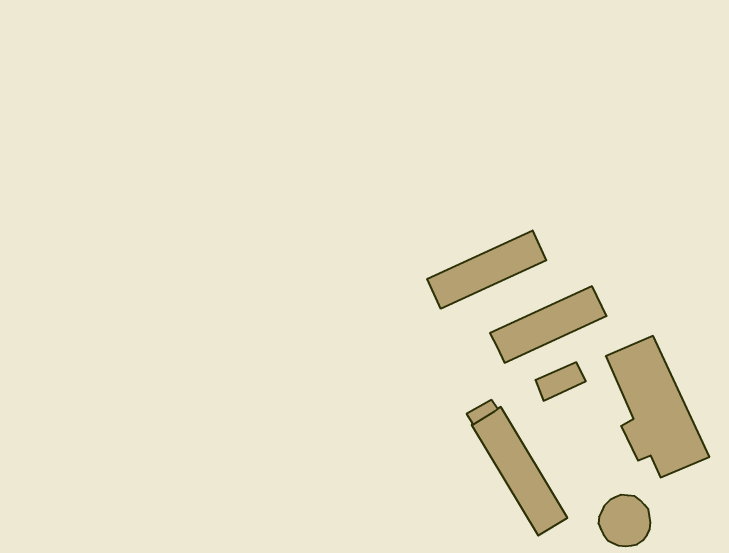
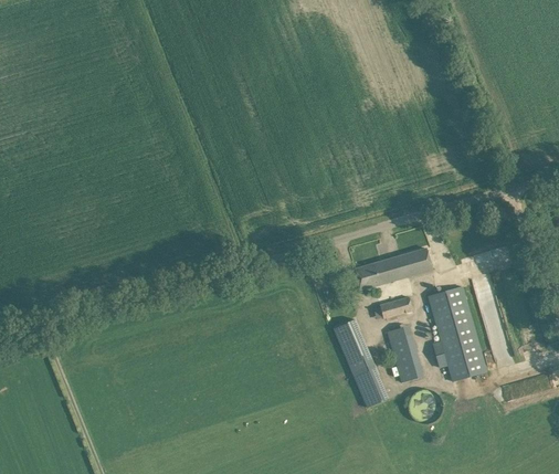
building: [427,230,546,309] -> none
building: none -> [389,334,425,389]

